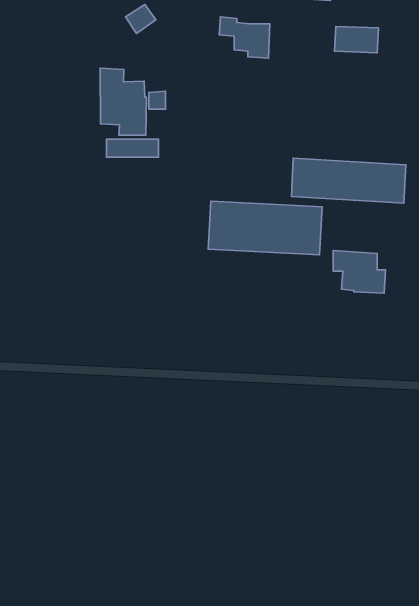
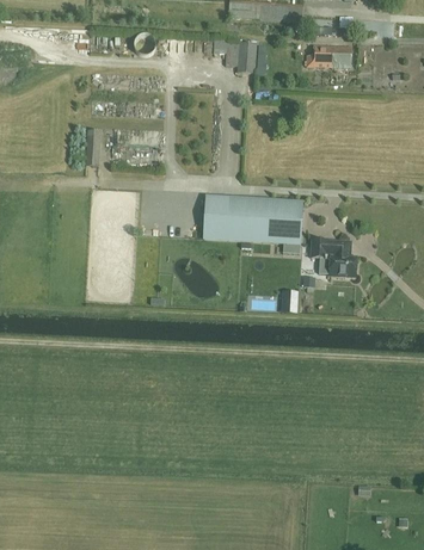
building: [100,68,146,135] -> none
building: [291,158,406,203] -> none

